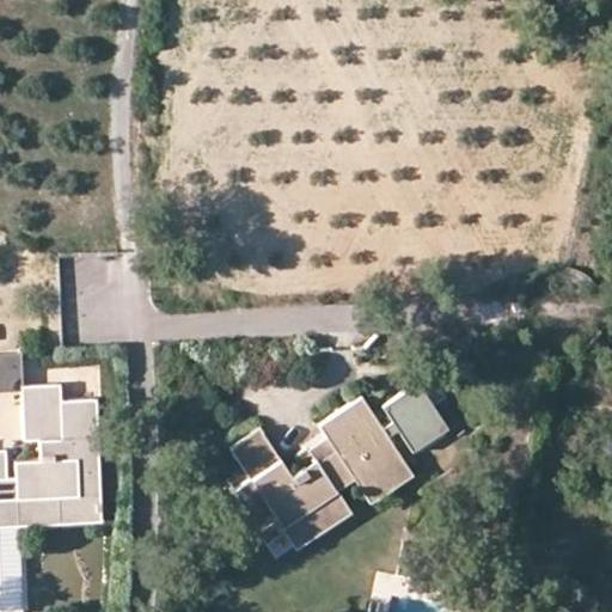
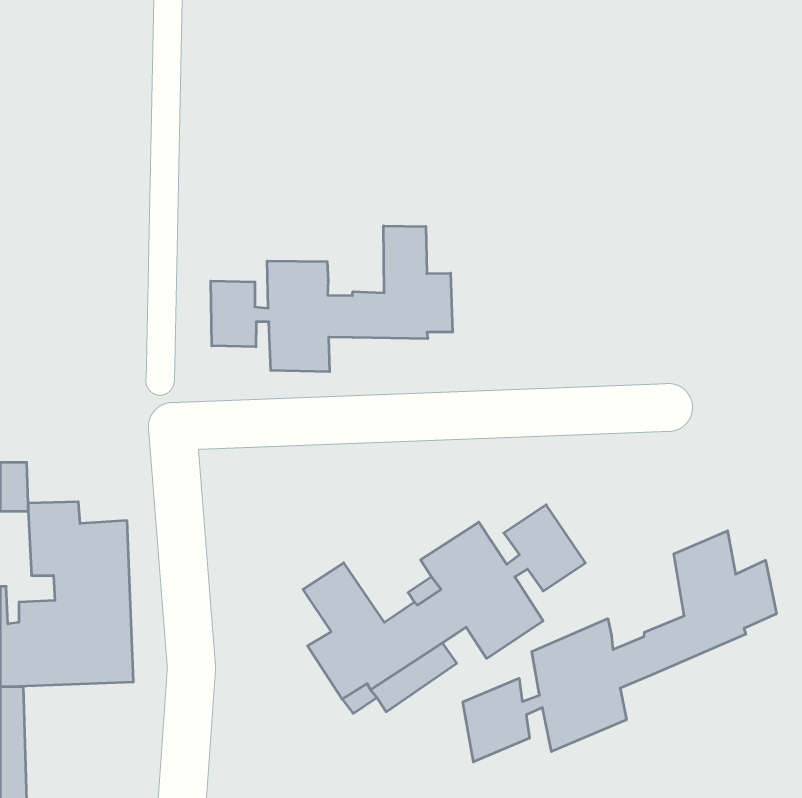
building: none -> [211,226,453,372]
building: none -> [463,531,776,762]

